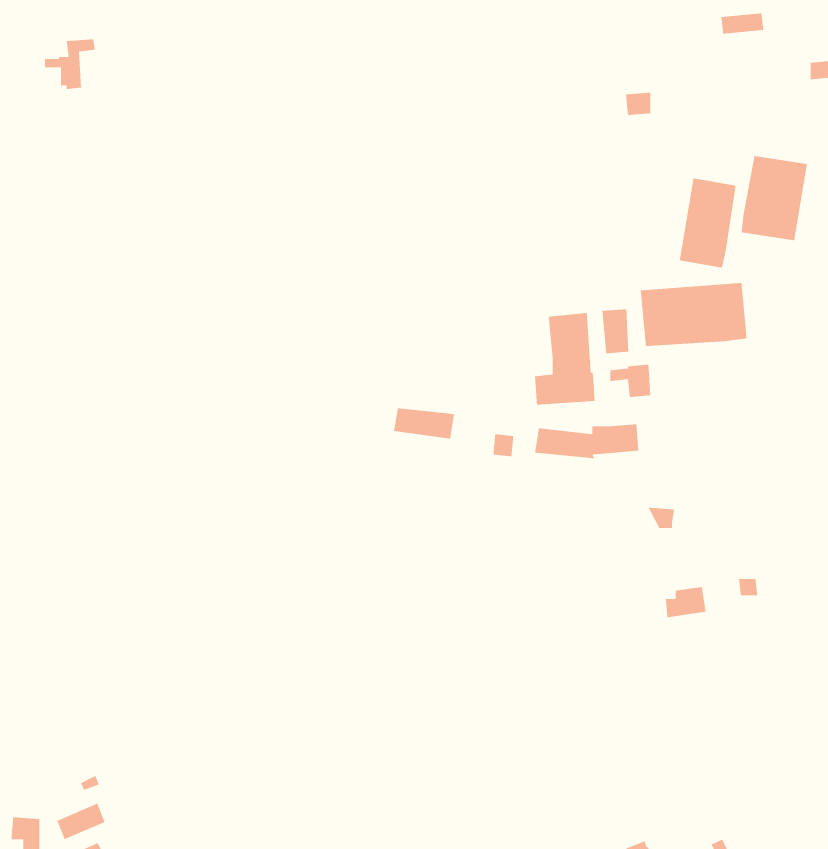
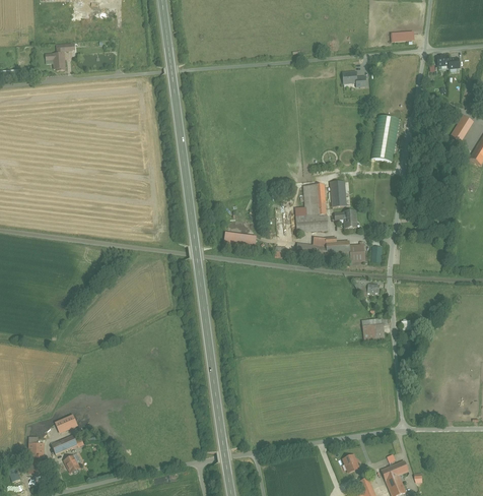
building: [741,155,808,241] -> none
building: [640,282,747,347] -> none

